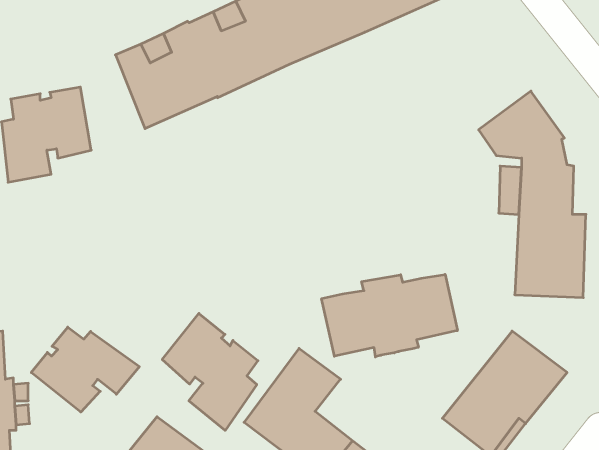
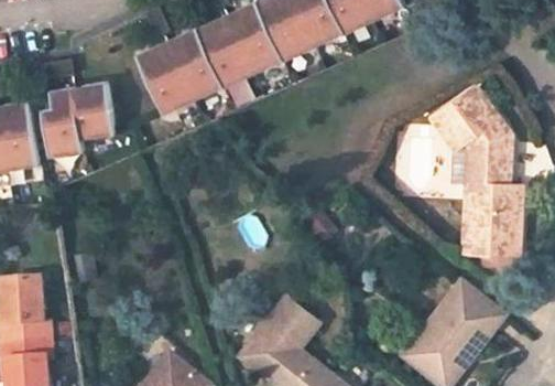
building: [322,274,457,357] -> none
building: [162,313,258,430] -> none
building: [31,327,139,412] -> none

